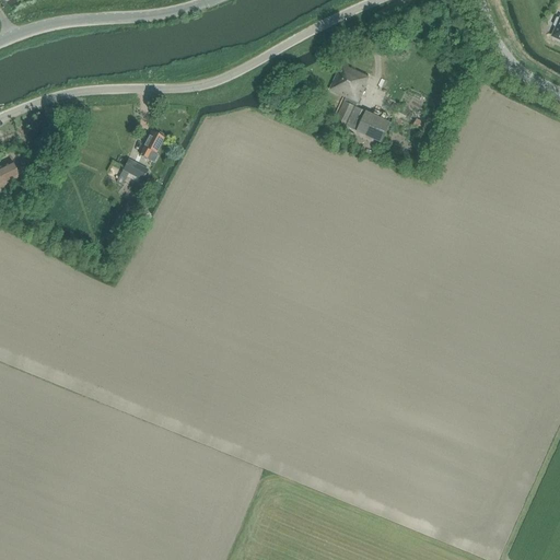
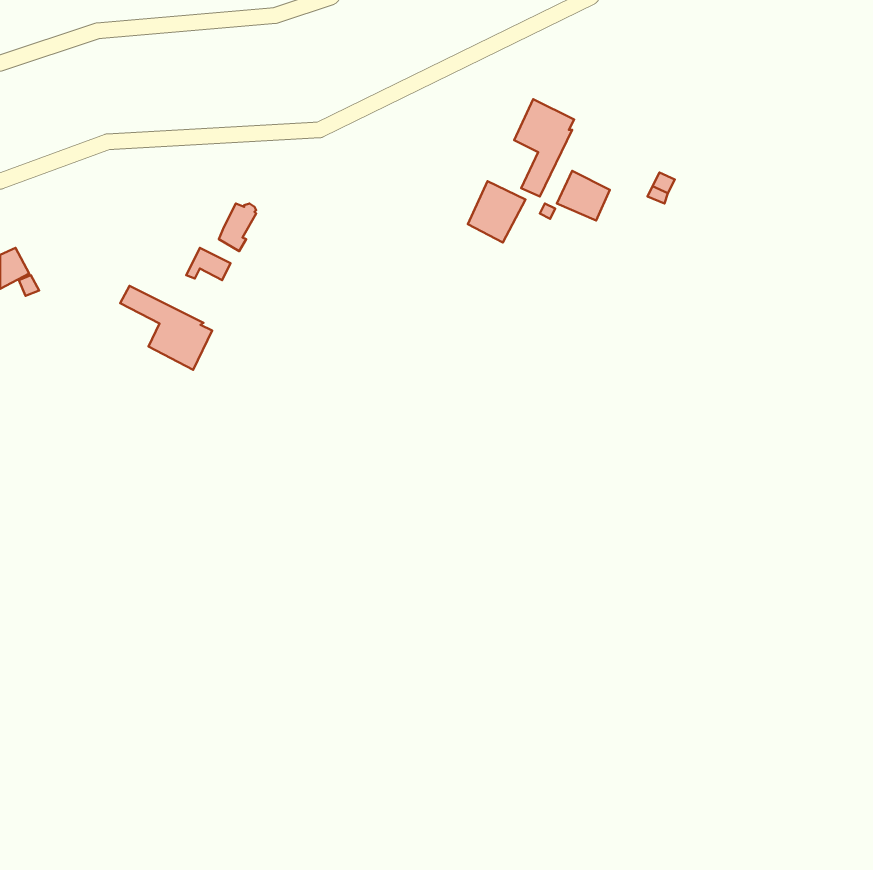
building: none -> [468,181,526,242]
building: none -> [120,286,212,370]

